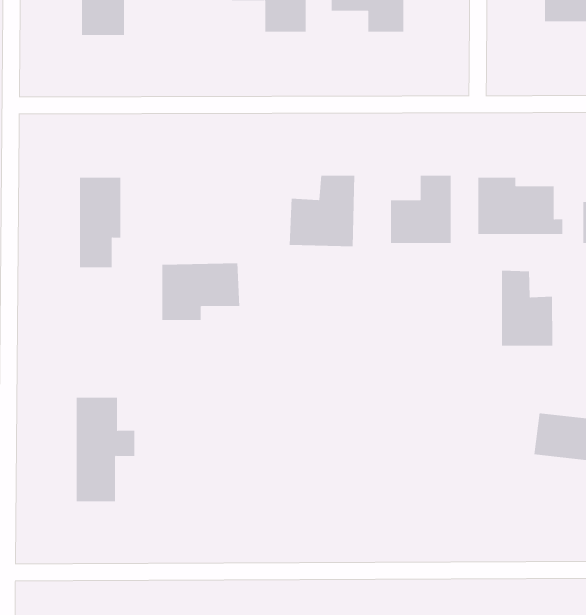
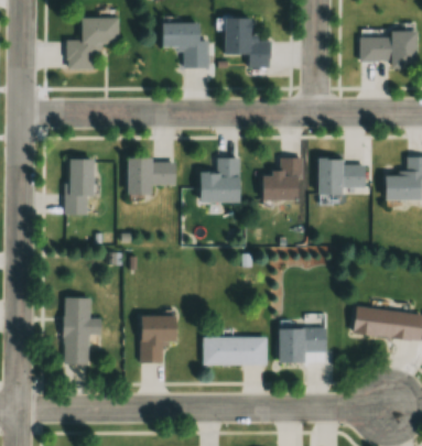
building: [161,263,240,321] -> [127,157,176,194]
building: [501,270,553,346] -> none
building: none -> [141,315,176,360]
building: none -> [278,319,326,362]
building: none -> [204,337,267,363]

